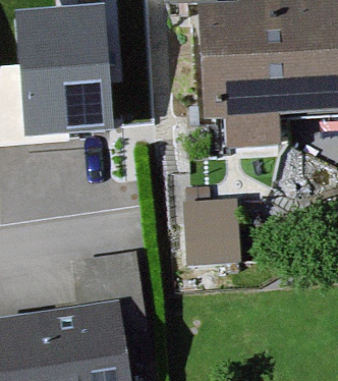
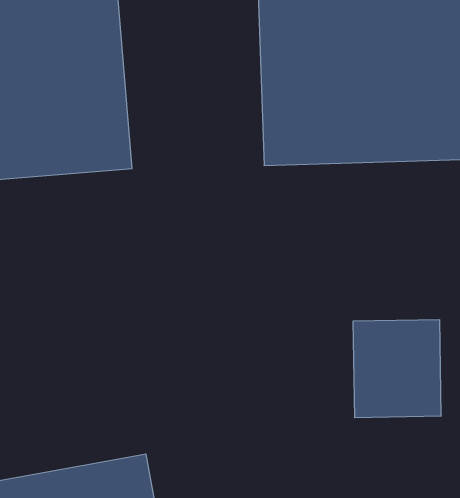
building: [186,193,244,257] -> [353,320,441,417]

